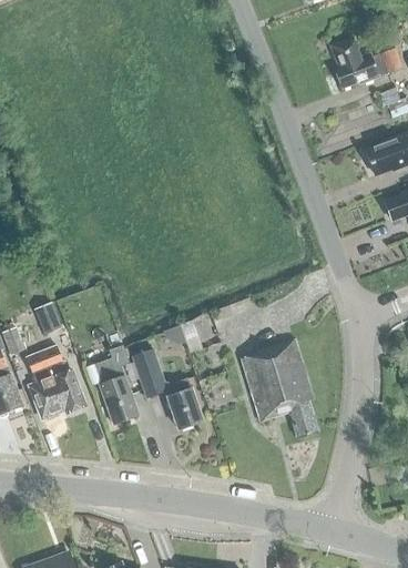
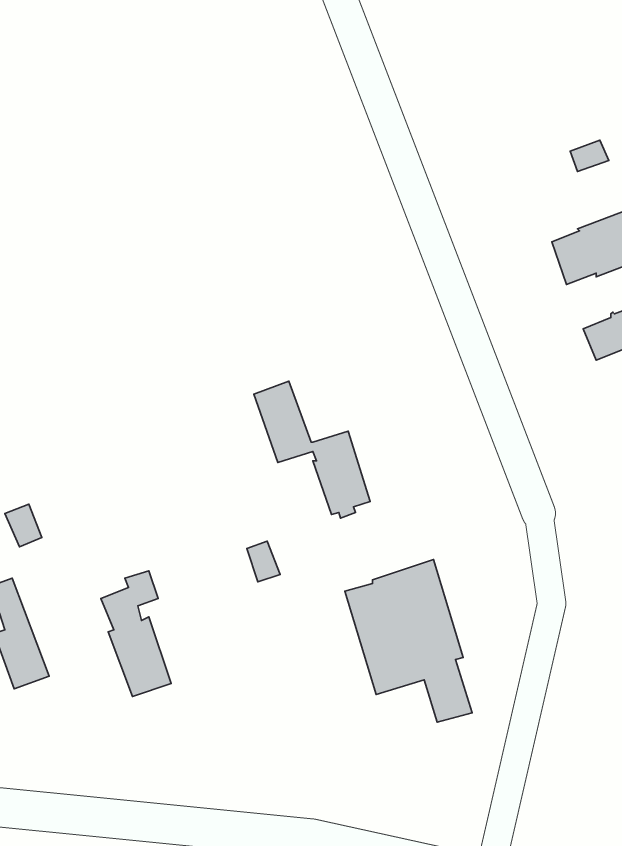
building: [332,37,400,88] -> none
building: [41,345,84,412] -> none
building: [132,348,202,430] -> [254,381,370,518]

